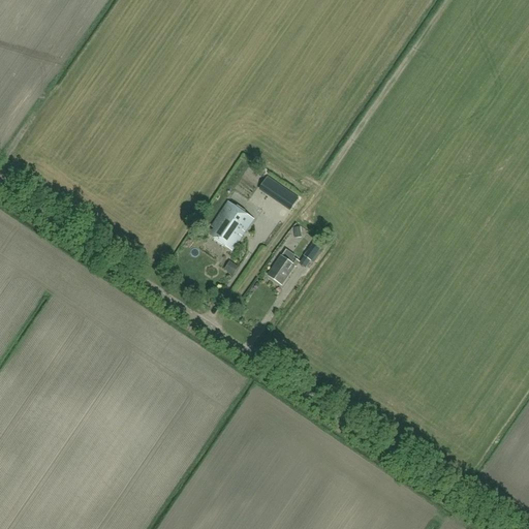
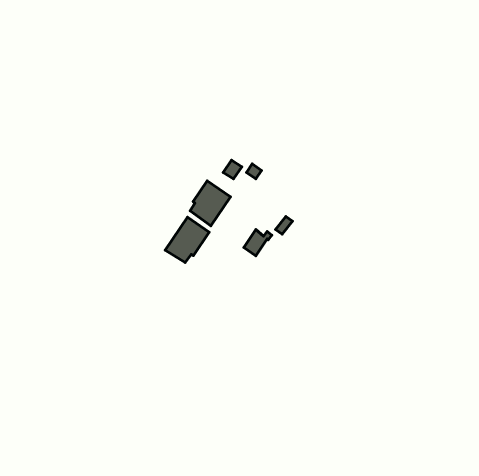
building: none -> [165,217,209,263]

